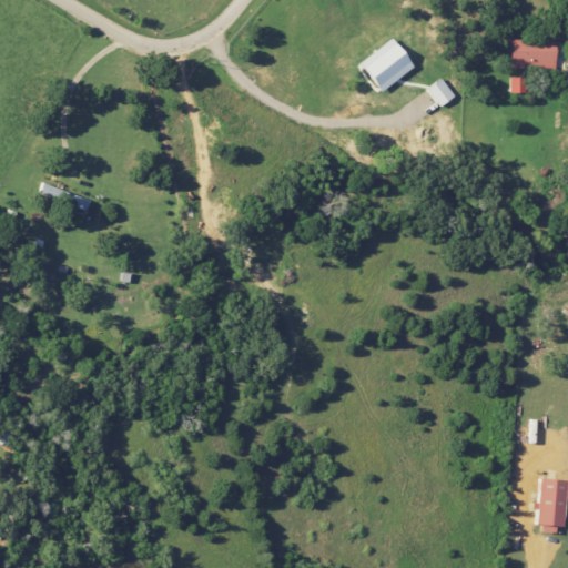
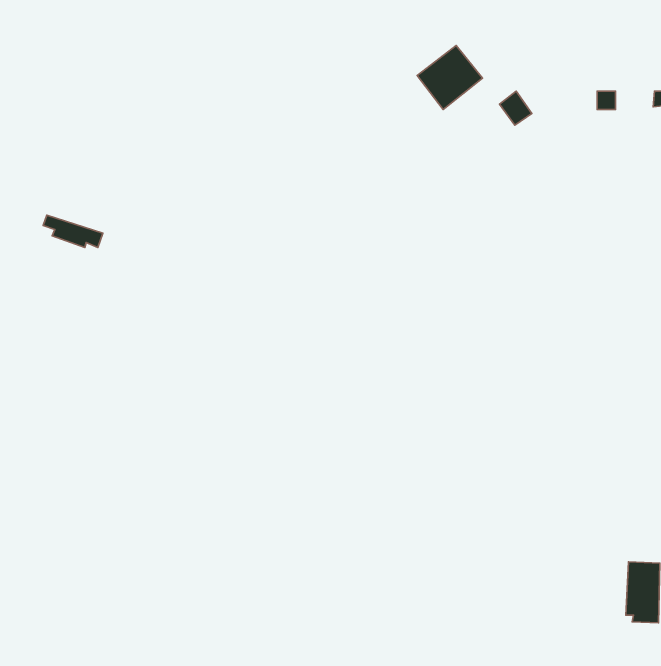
building: [513,40,558,69] -> none

